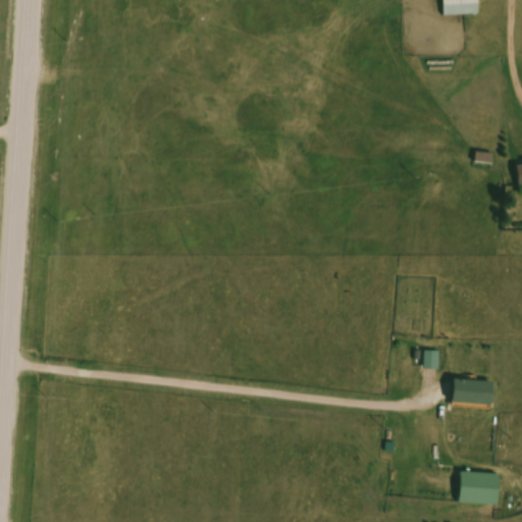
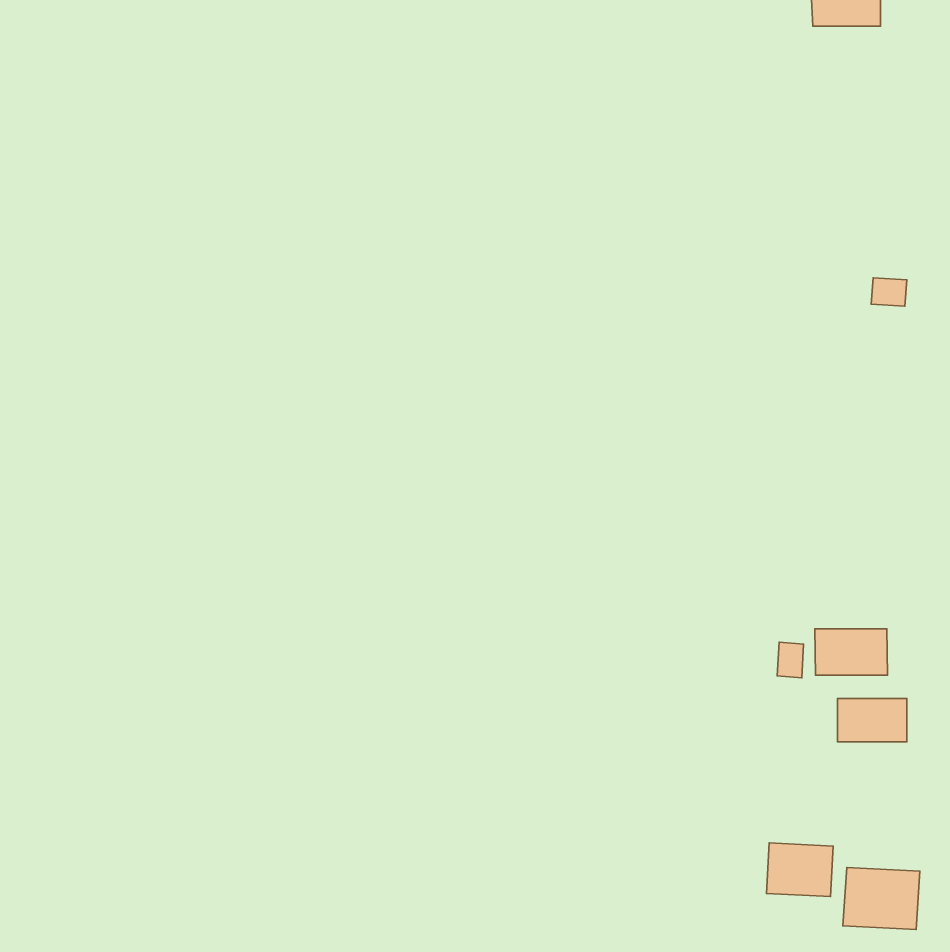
building: none -> [815,629,888,675]
building: none -> [767,843,833,897]

